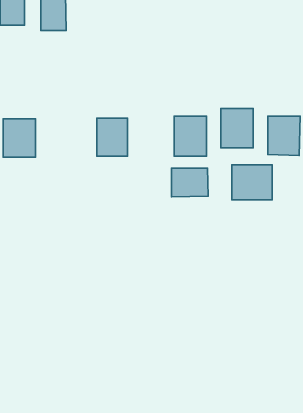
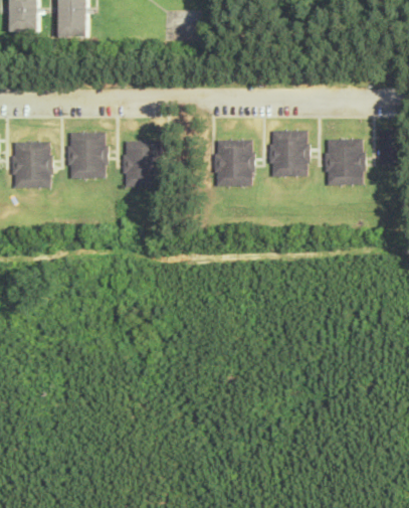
building: none -> [68,132,106,178]
building: [232,165,272,200] -> none
building: [171,168,208,197] -> none

